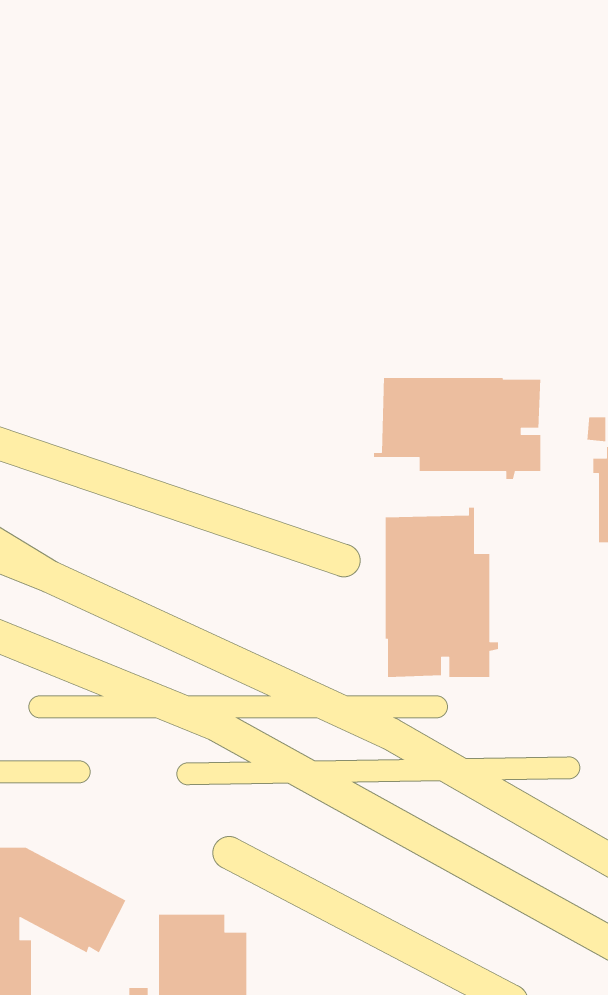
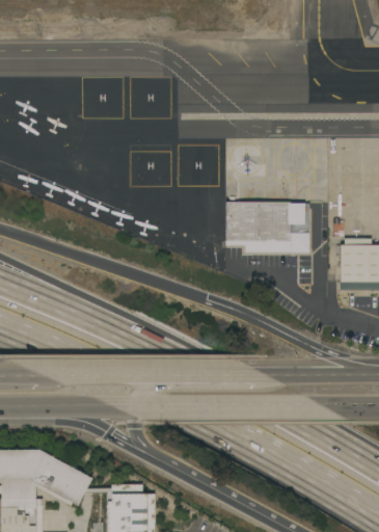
building: [385,507,499,678] -> none

